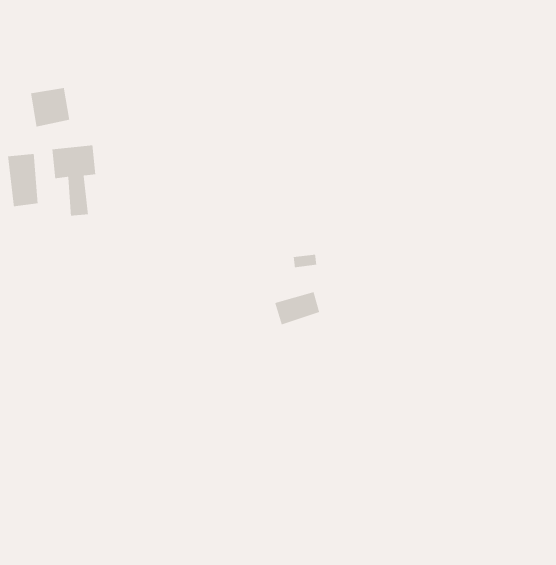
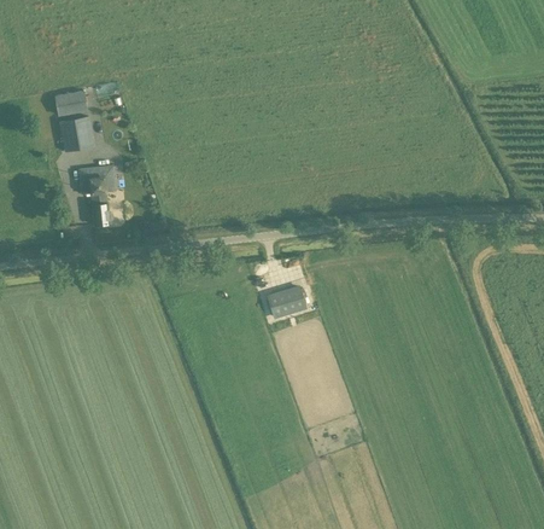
building: none -> [54,89,88,115]
building: [7,153,38,207] -> none

